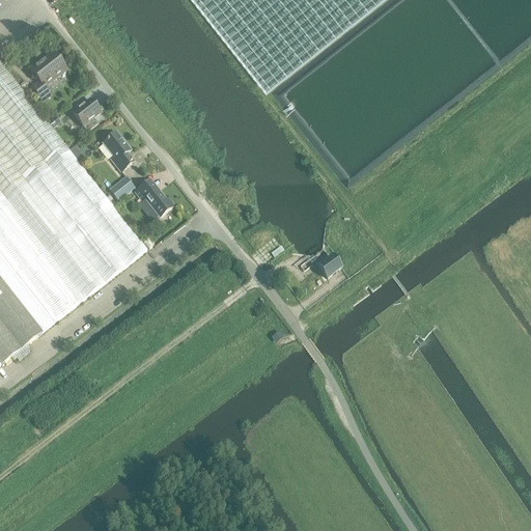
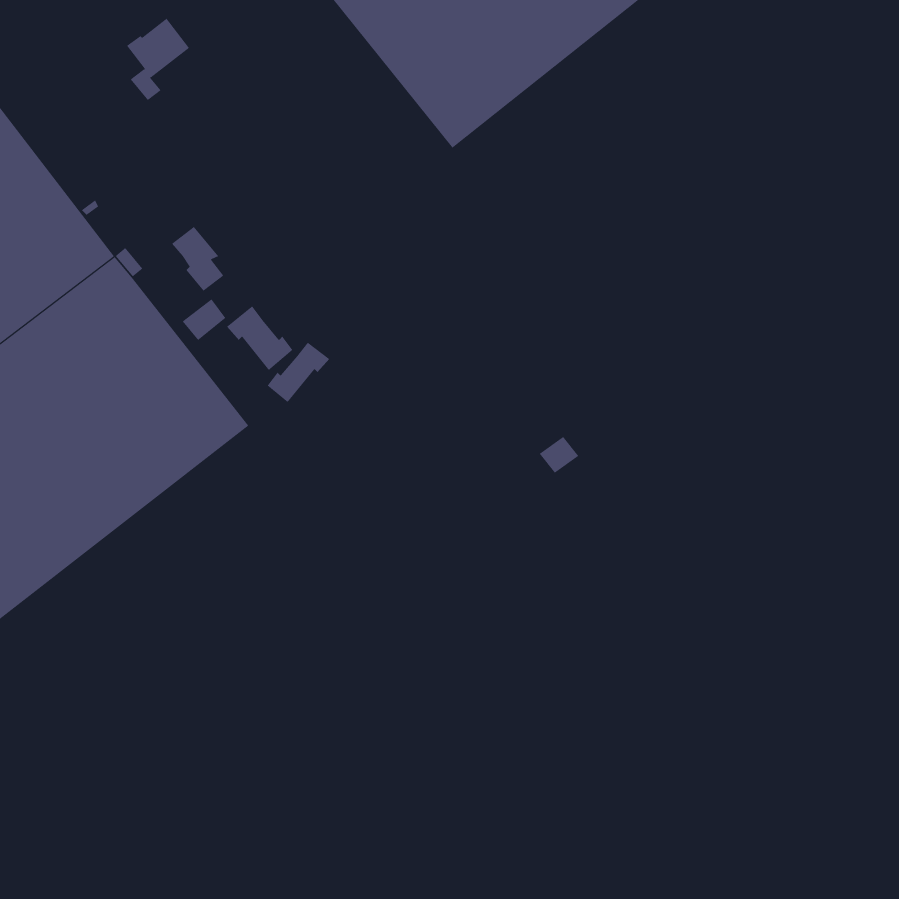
building: [28,52,65,101] -> [126,18,190,101]
building: [72,100,100,132] -> none
building: none -> [267,342,330,403]

